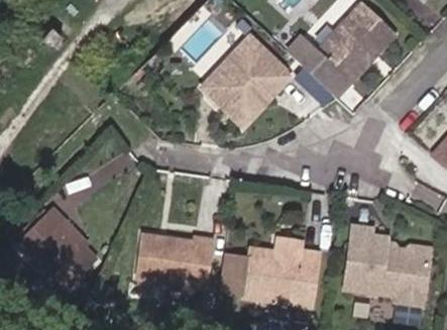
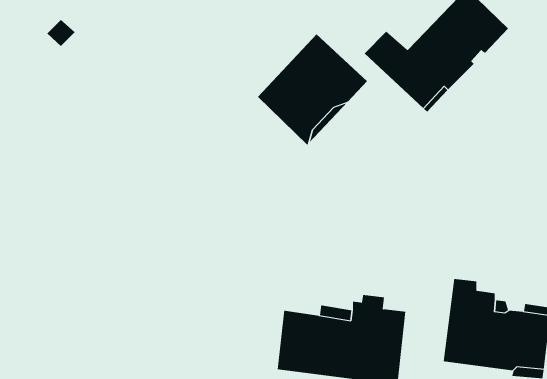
building: [17,207,99,292] -> none
building: [138,233,212,286] -> none

